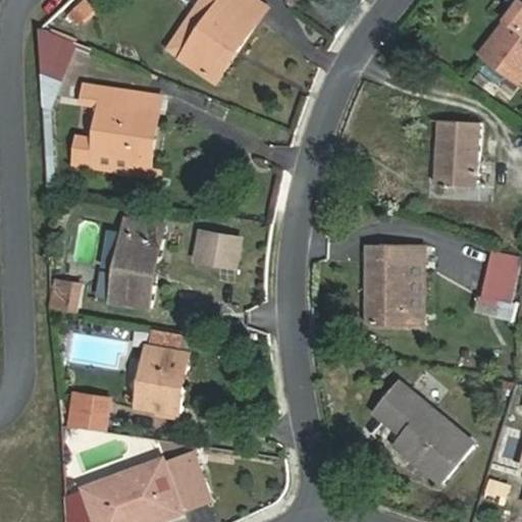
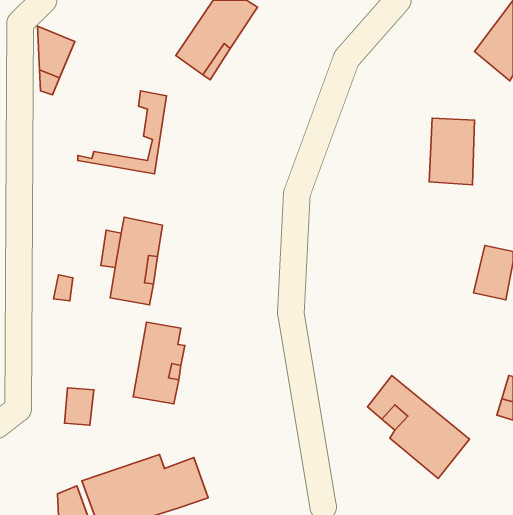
building: [79,84,154,163] -> none
building: [195,234,238,269] -> none
building: [363,242,421,326] -> none

